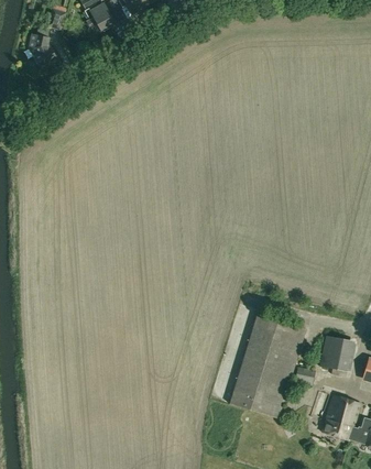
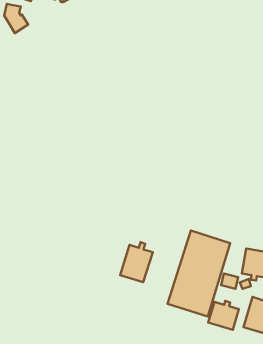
building: none -> [120,242,153,282]
building: none -> [208,301,239,330]

